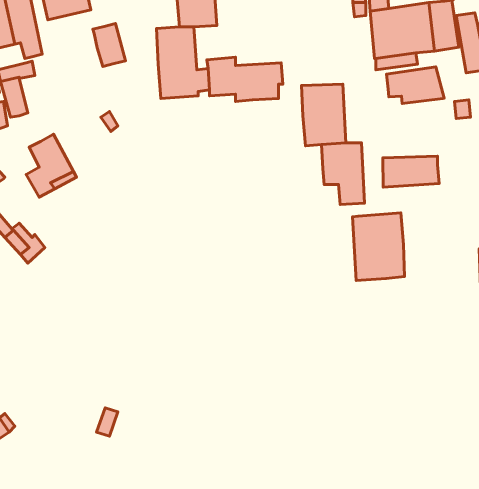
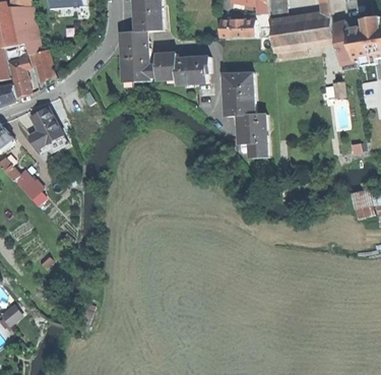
building: none -> [220,19,254,37]
building: [93,24,126,66] -> [30,49,54,79]
building: [386,67,444,104] -> none
building: [383,156,439,187] -> none
building: [353,213,404,280] -> none

